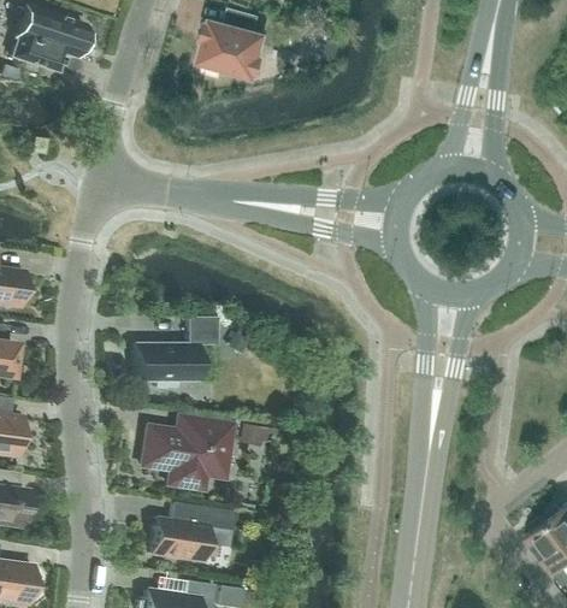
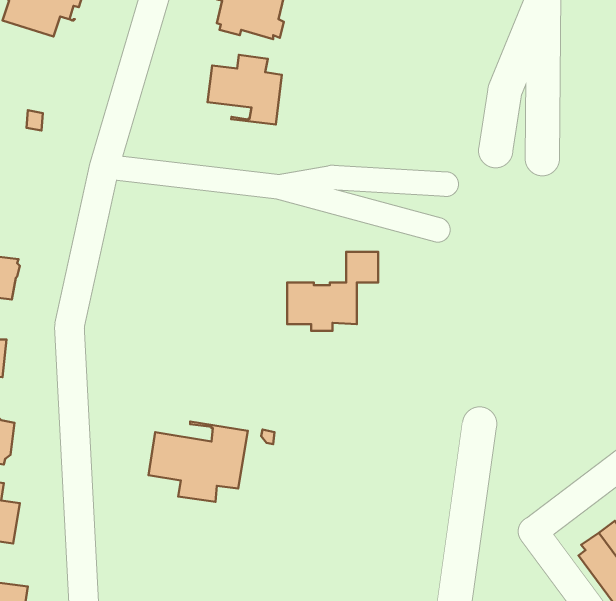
building: none -> [208,55,282,124]
building: [137,317,219,388] -> [287,252,378,331]
building: [153,502,237,561] -> none

